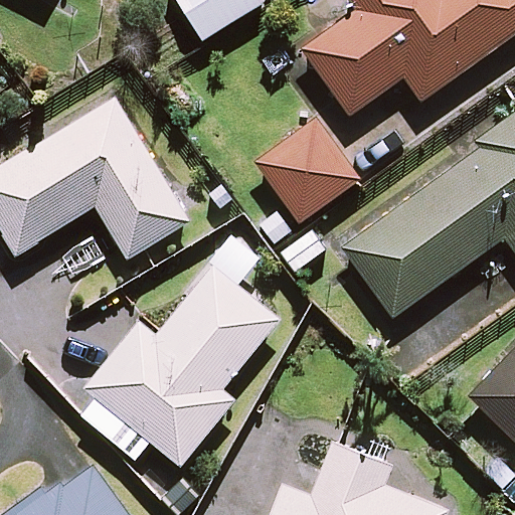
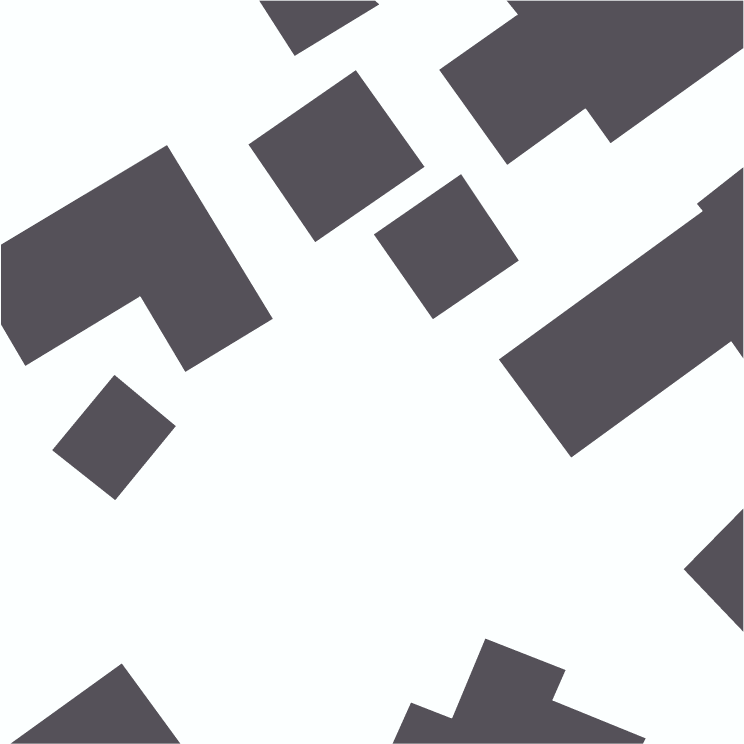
building: none -> [247,69,426,243]
building: none -> [51,374,177,501]
building: [81,263,281,464] -> none

